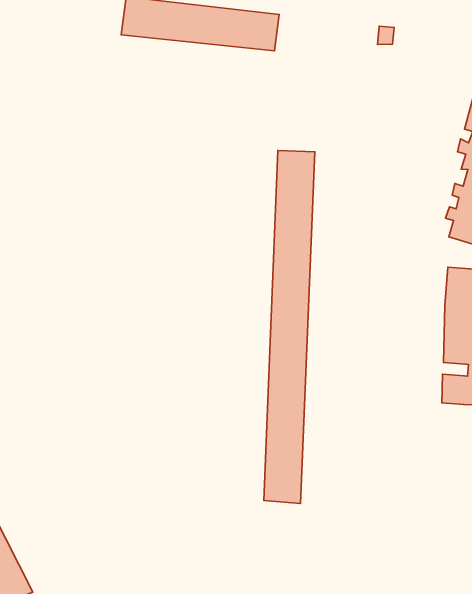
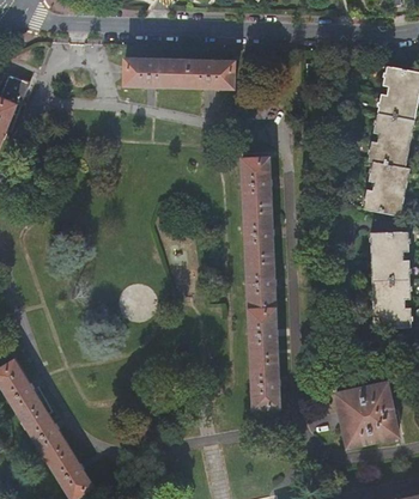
building: none -> [335,382,397,445]

